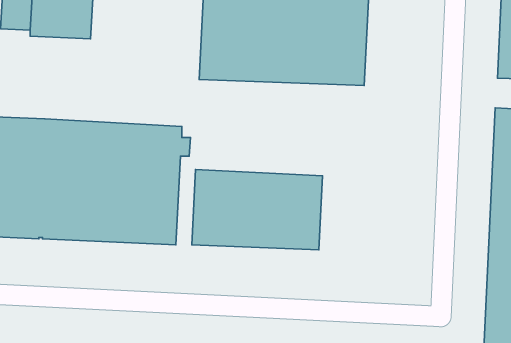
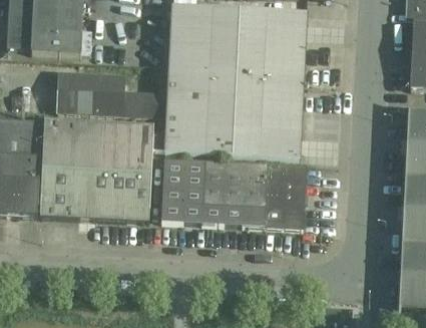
building: none -> [55,71,160,118]
building: none -> [159,87,302,159]
building: none -> [265,165,305,229]

